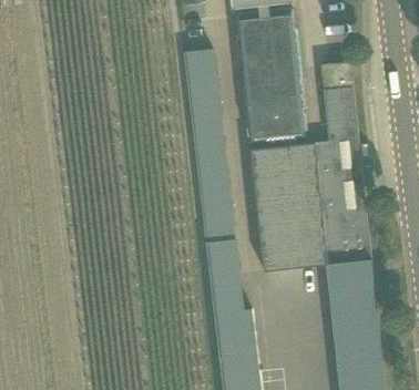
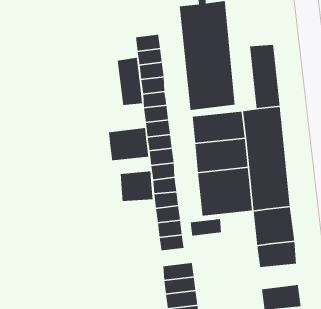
building: none -> [117,57,143,106]
building: none -> [108,127,149,161]
building: none -> [120,171,154,202]
building: [214,309,253,331] -> [190,218,222,236]
building: [334,329,381,359] -> none

